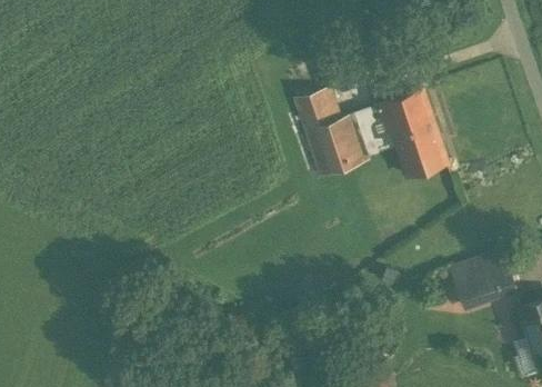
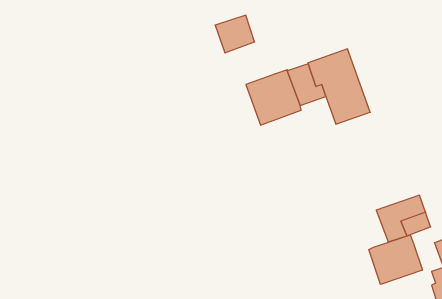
building: [297,89,341,131] -> [215,15,255,53]
building: none -> [369,235,423,284]

